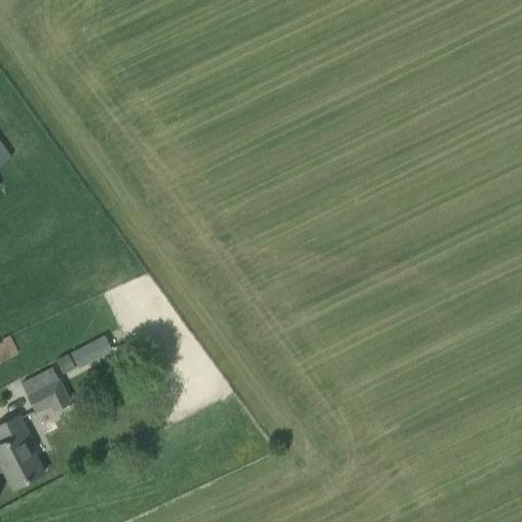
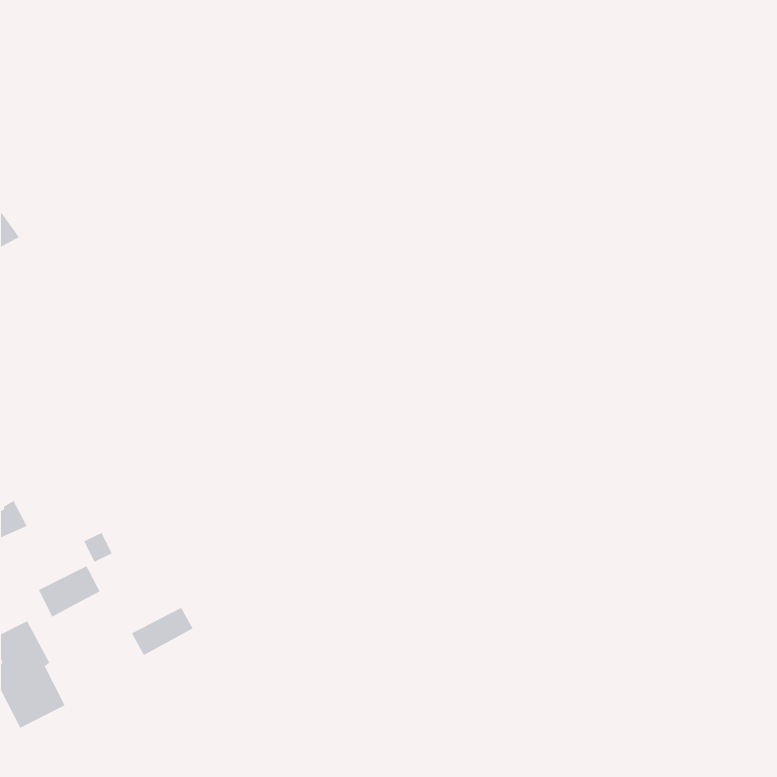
building: [70,333,112,366] -> [131,607,194,656]

